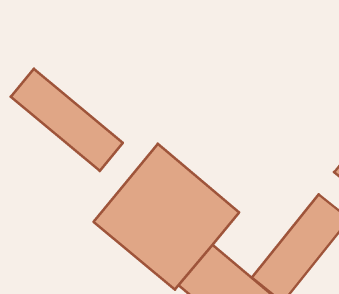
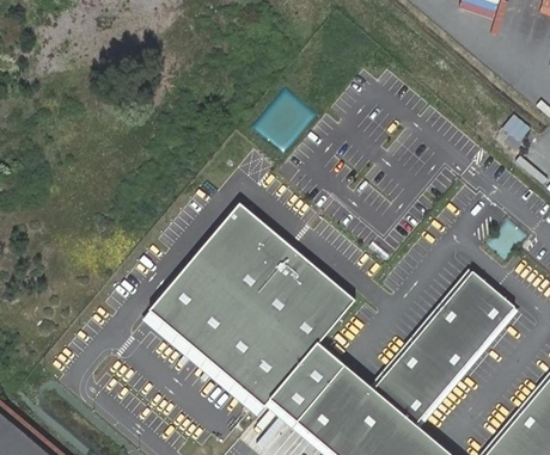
building: [11,69,123,171] -> none

